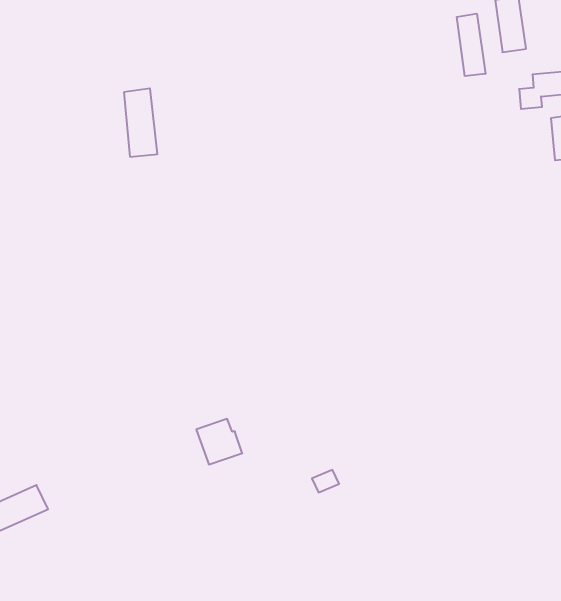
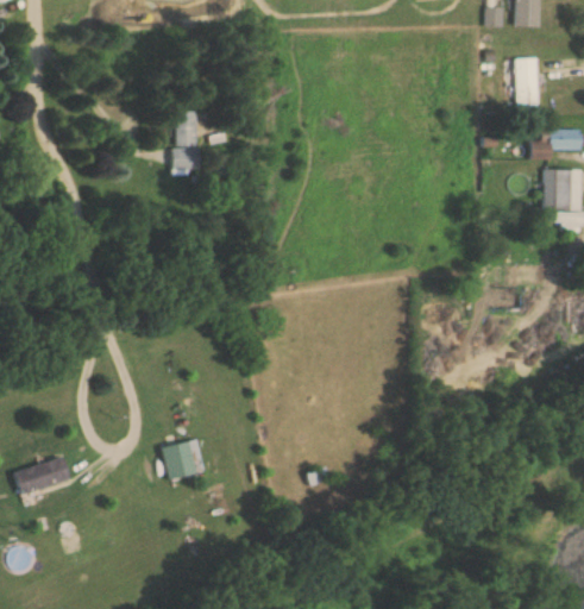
building: [457,14,485,76] -> none
building: [196,419,242,464] -> [163,441,202,481]

